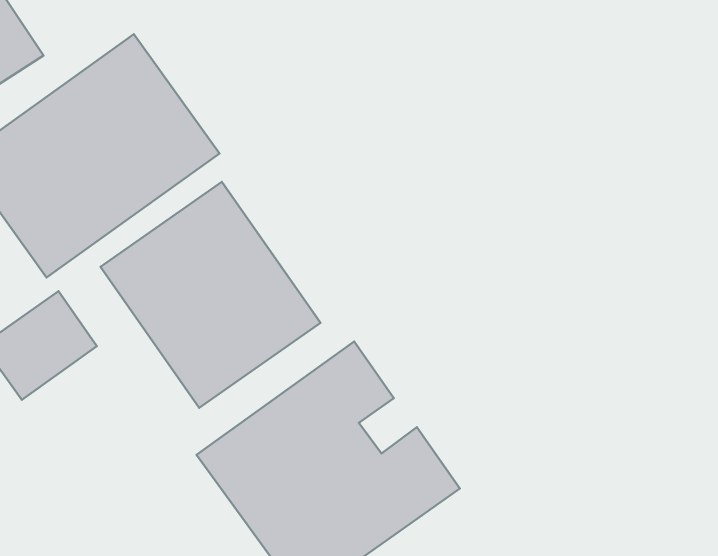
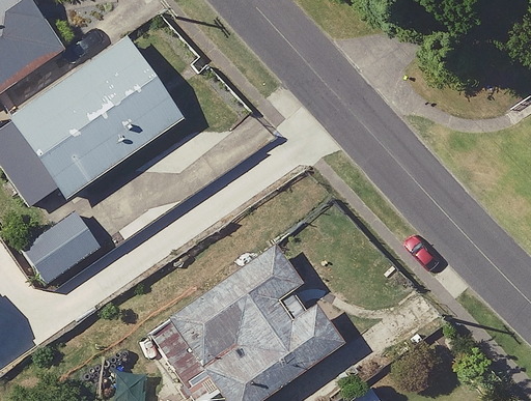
building: [100,182,321,408] -> none

